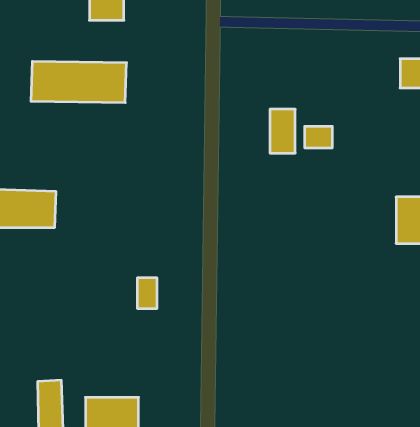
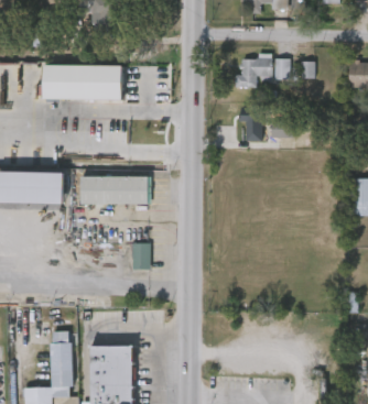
building: none -> [235,57,314,87]
building: none -> [80,176,150,204]

